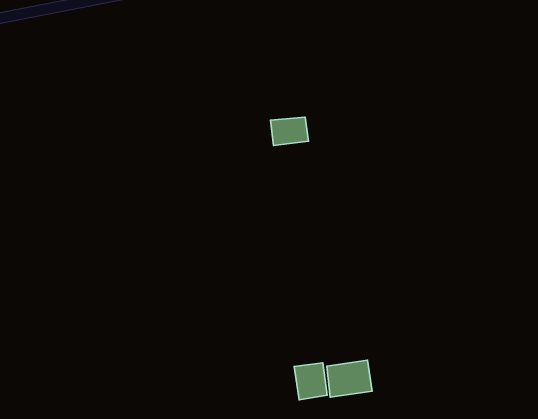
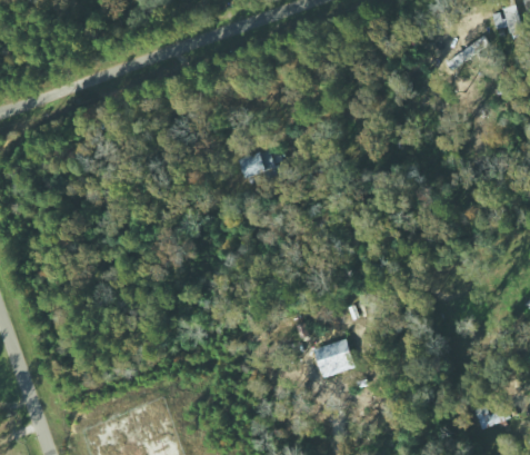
building: [294,363,327,400] -> none

